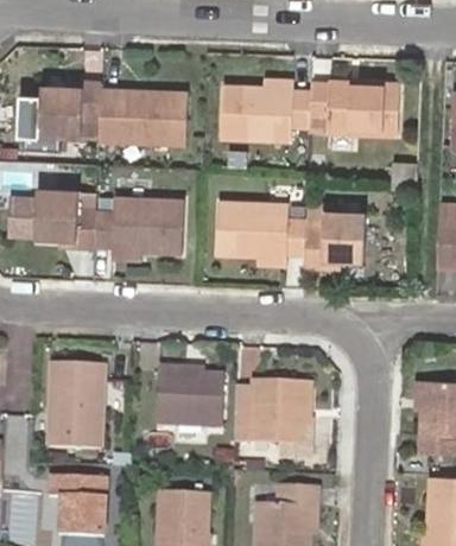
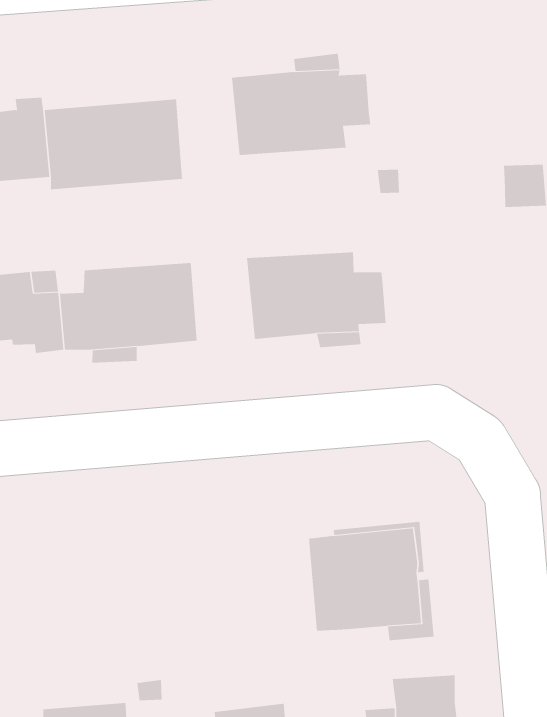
building: [310,78,399,134] -> none
building: [304,211,365,267] -> none
building: [50,363,102,449] -> none
building: [156,366,222,424] -> none

